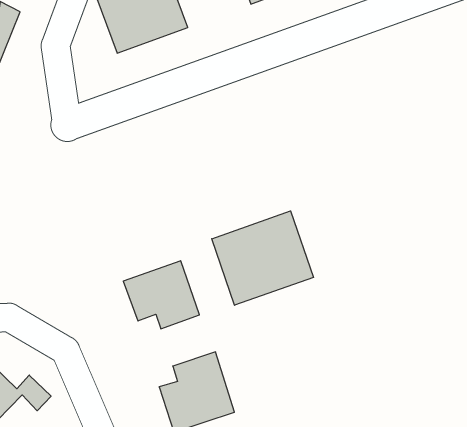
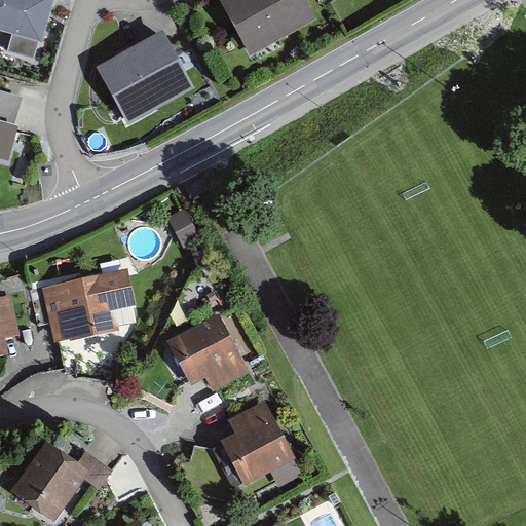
building: none -> [45,271,134,340]
building: [212,211,313,305] -> none

